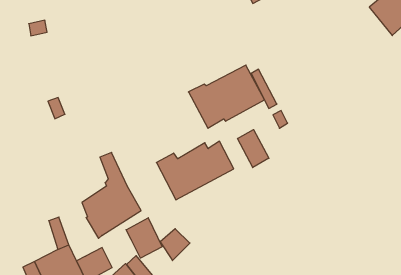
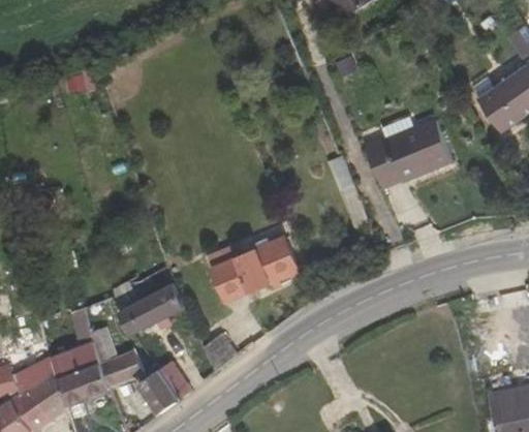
building: [188,65,264,128] -> [364,119,453,189]
building: [238,130,269,168] -> none
building: [126,218,162,258] -> none

